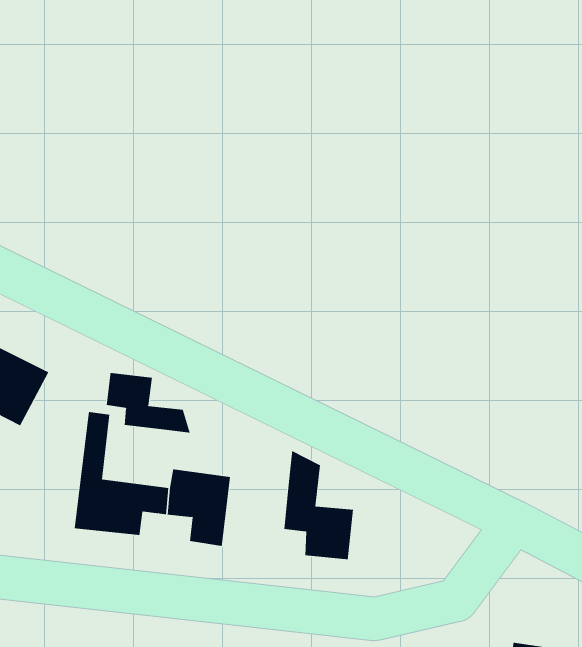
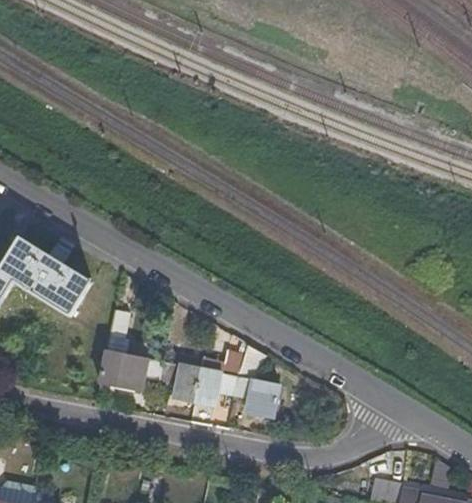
building: [106,372,190,433] -> none
building: none -> [193,358,238,406]

